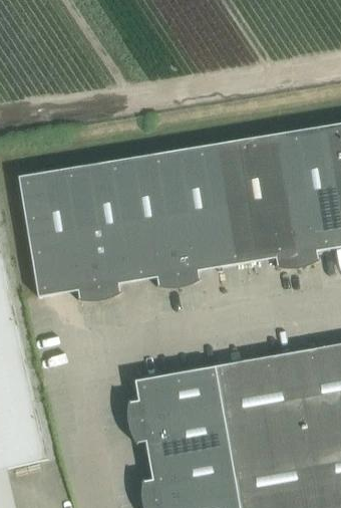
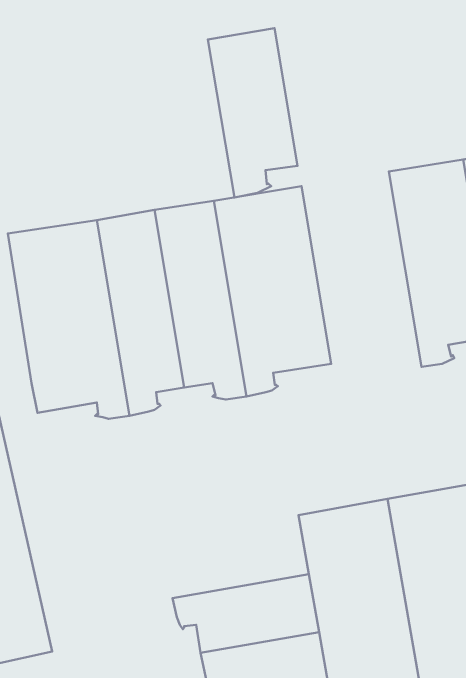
building: none -> [208,28,297,198]
building: [217,134,298,269] -> none
building: [127,366,222,423] -> none

